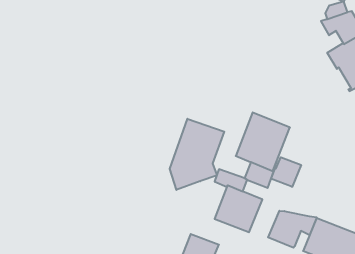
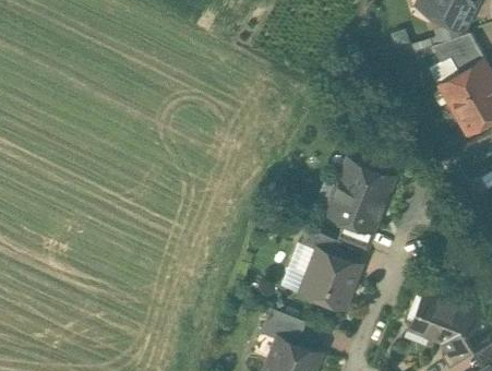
building: [170,119,224,190] -> none
building: [271,157,301,187] -> none
building: [268,211,317,248] -> none

